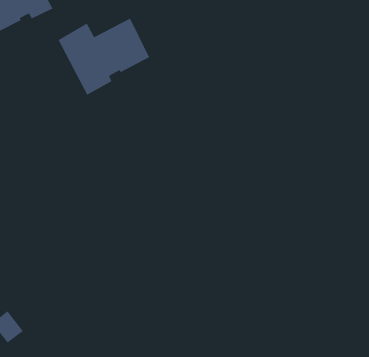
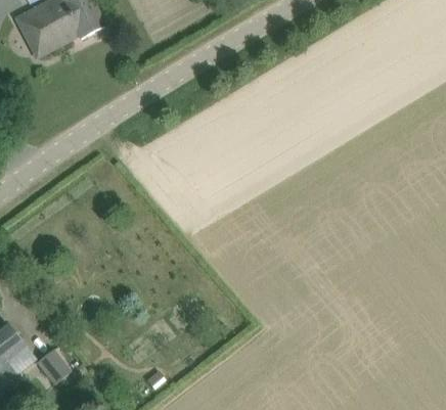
building: [58,18,150,96] -> none

